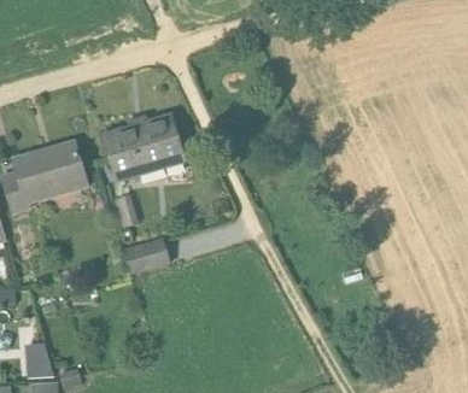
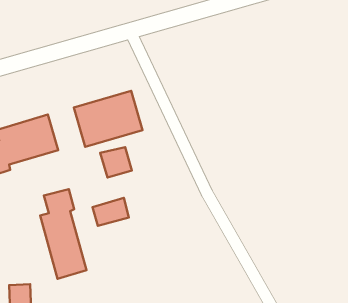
building: none -> [100,147,132,178]
building: none -> [40,189,86,279]

